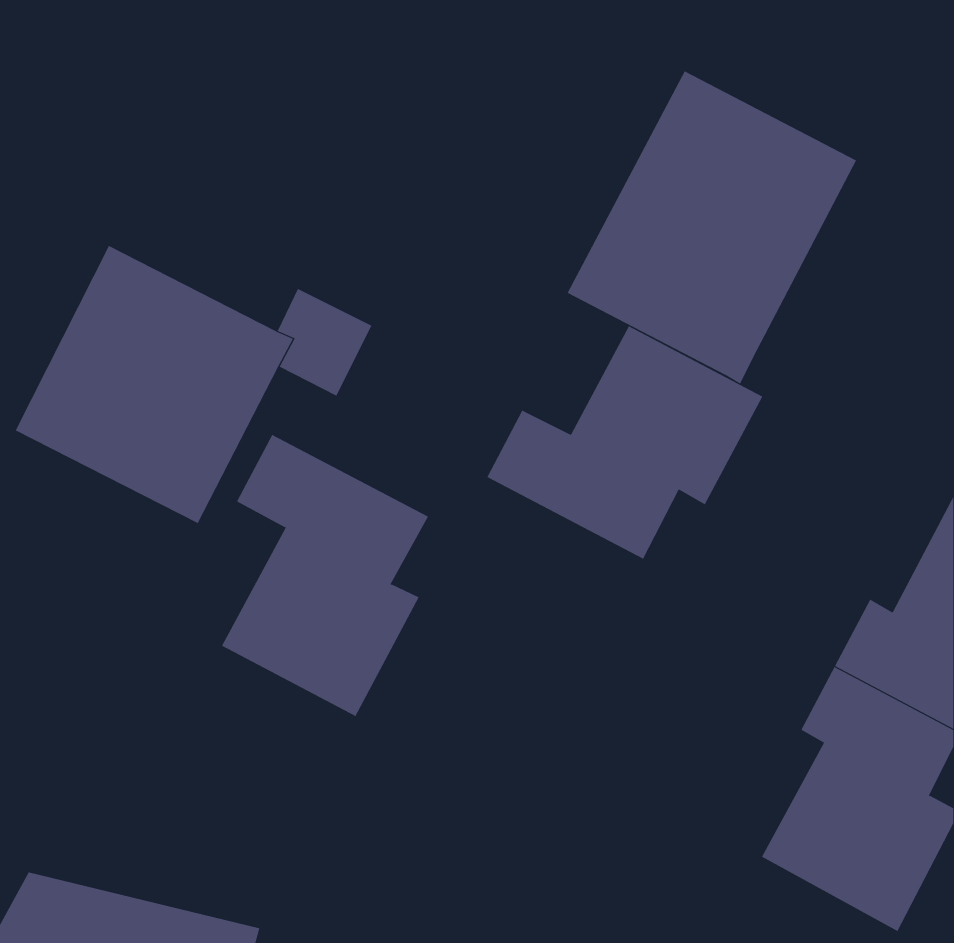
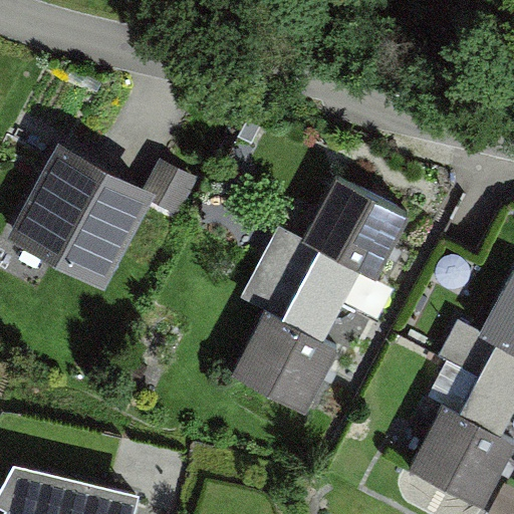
building: [567,70,857,384] -> none
building: [221,434,429,717] -> [234,263,345,415]

